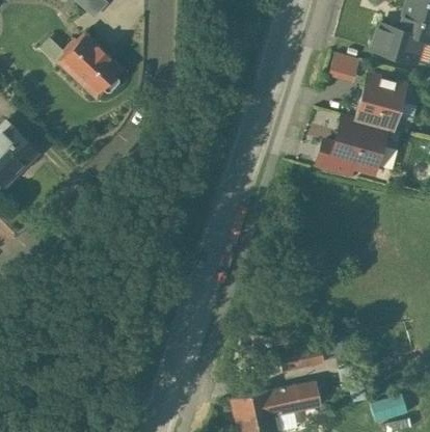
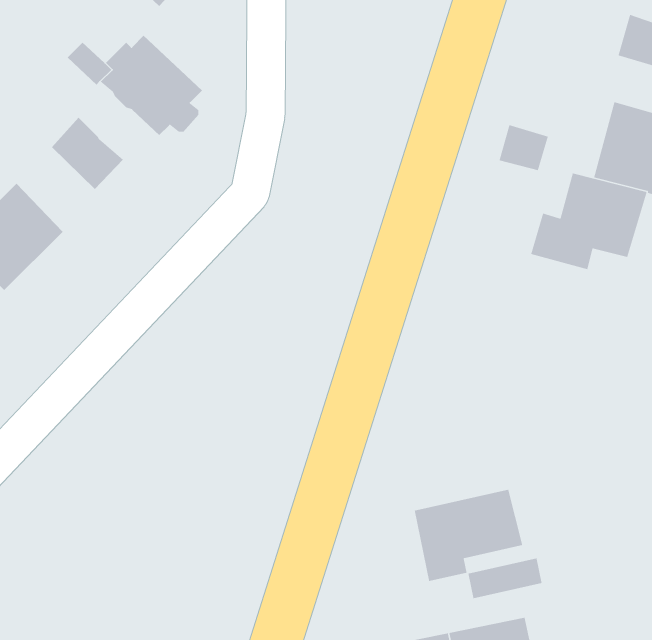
building: [329,53,359,81] -> [498,124,549,171]
building: none -> [51,117,124,190]
building: none -> [414,489,523,582]

